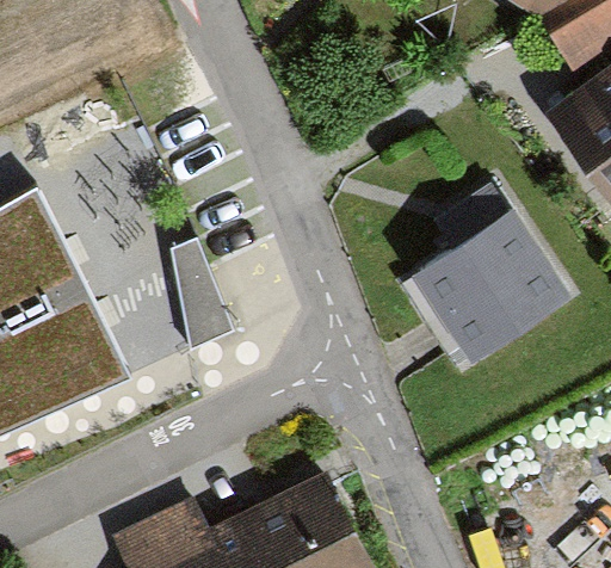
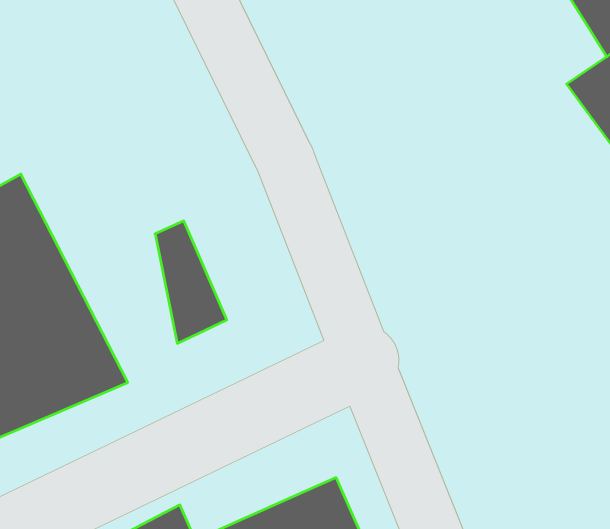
building: [406,205,568,365] -> none

